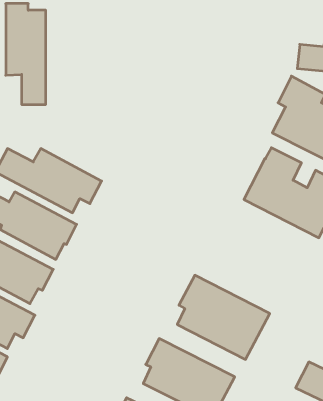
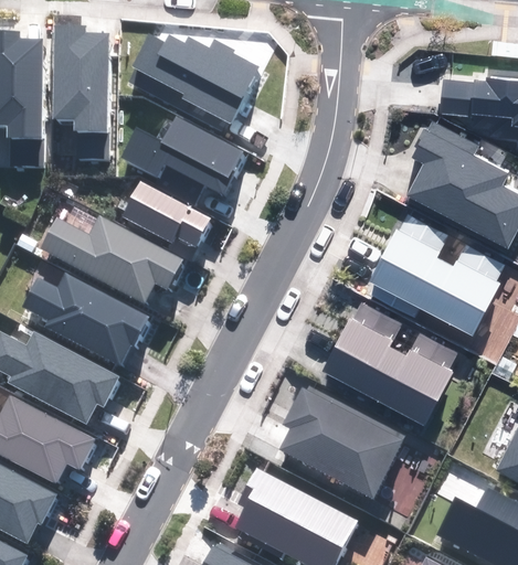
building: none -> [125,35,260,135]
building: none -> [121,118,243,194]
building: none -> [121,181,209,246]
building: none -> [326,305,461,425]

